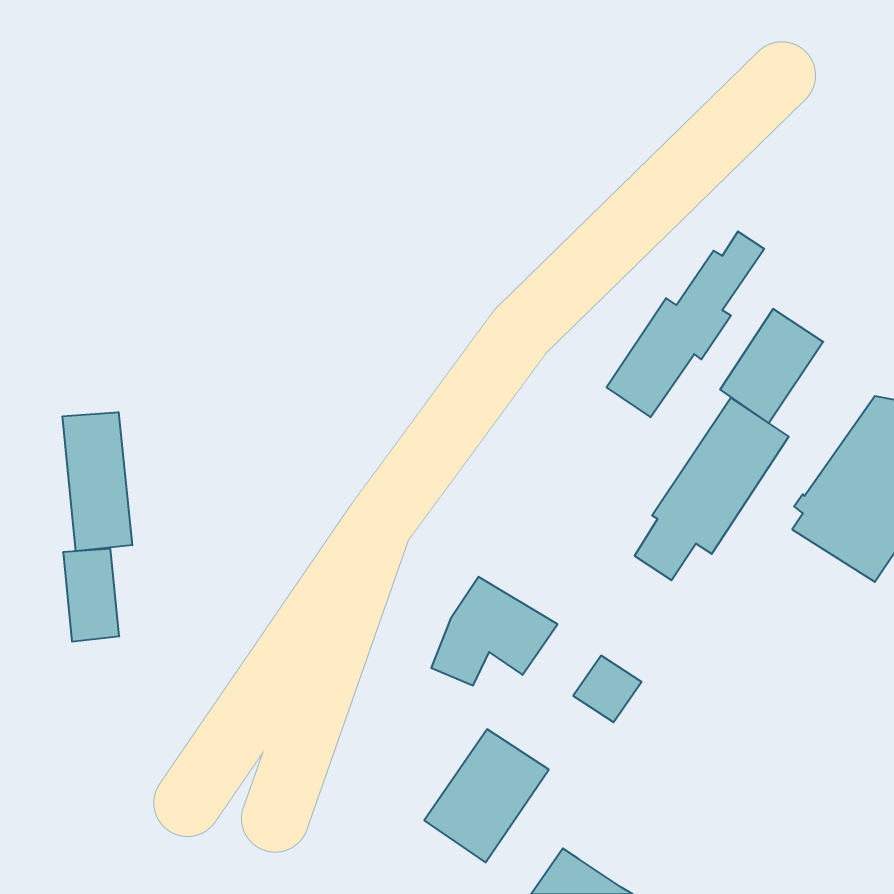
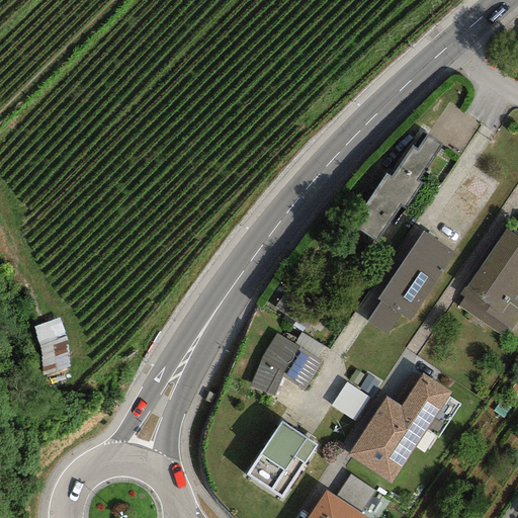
building: [720,309,823,423] -> none
building: [63,412,132,551] -> none
building: none -> [348,372,452,484]
building: none -> [335,472,374,512]

